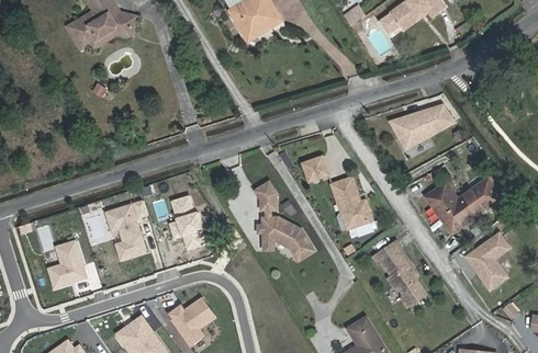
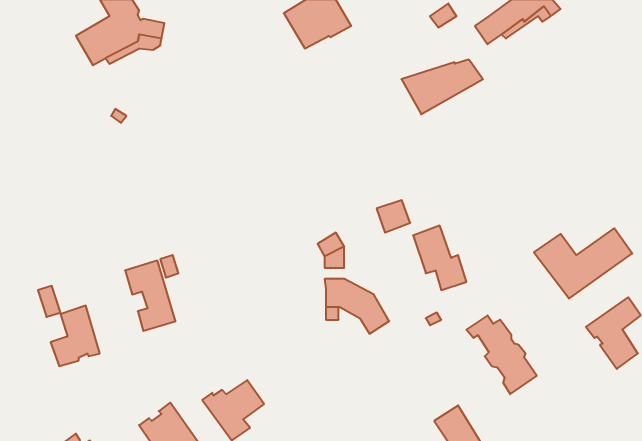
building: [390,105,453,148] -> [401,60,483,114]
building: [169,195,204,248] -> none

